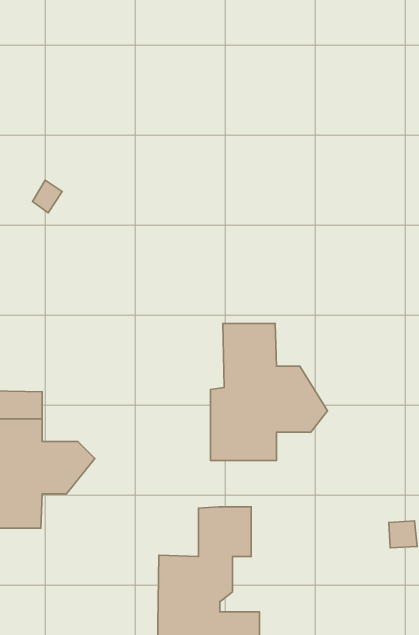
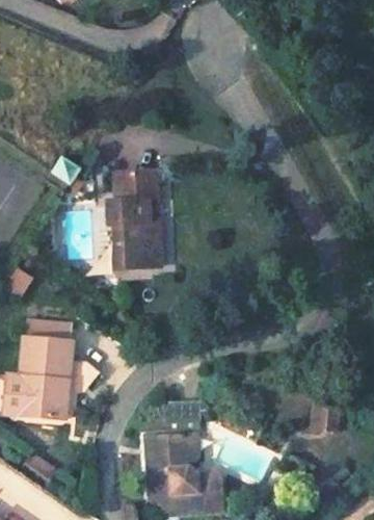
building: none -> [107,171,163,269]
building: [211,324,327,460] -> none

